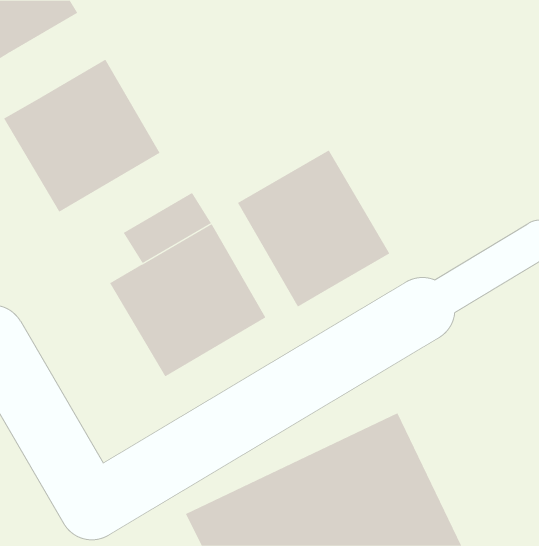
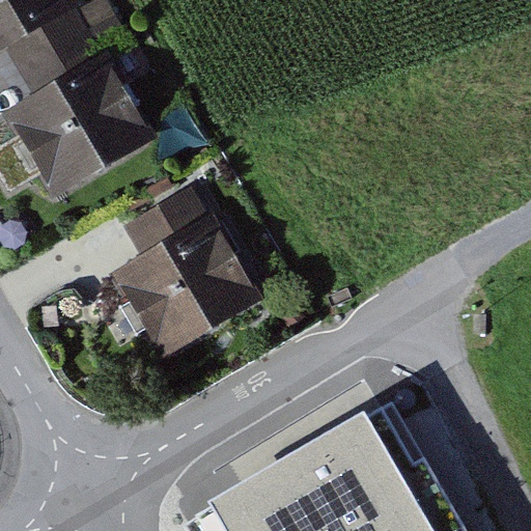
building: none -> [8,12,103,96]
building: [237,150,390,308] -> none

